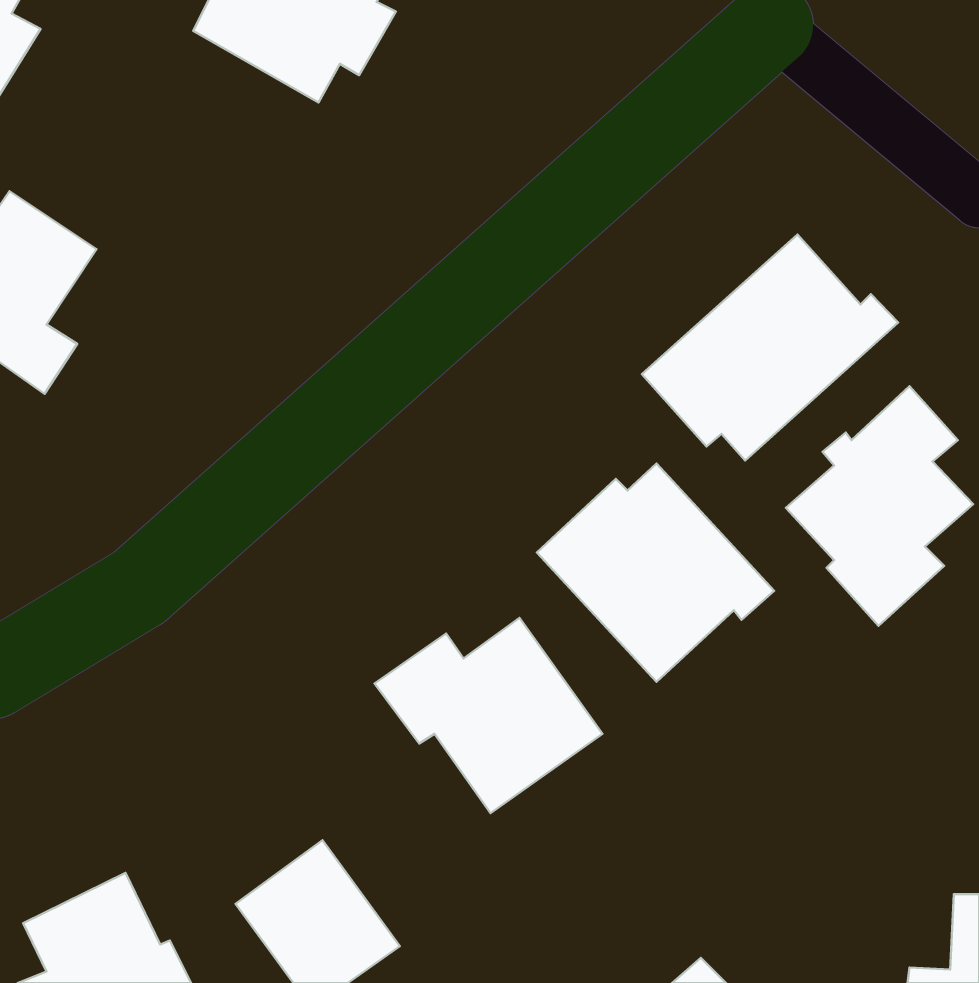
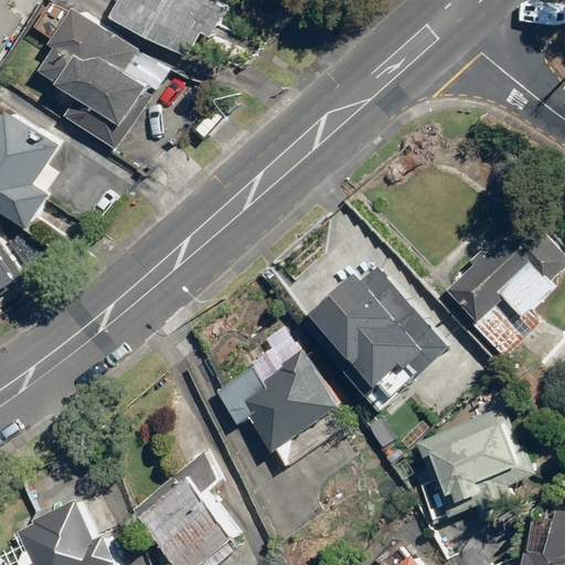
building: none -> [35,7,168,128]
building: [642,234,898,460] -> none
building: none -> [412,405,536,521]

